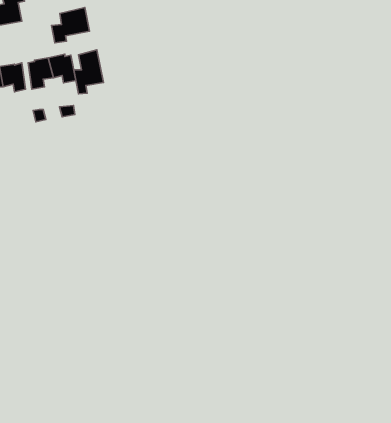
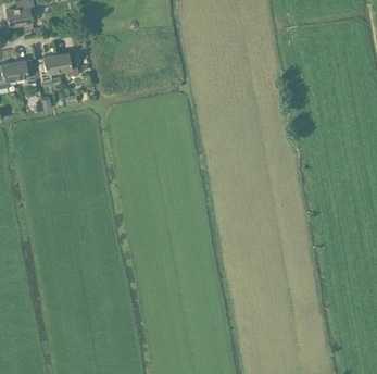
building: [52,8,89,43] -> none
building: [74,50,103,94] -> none

